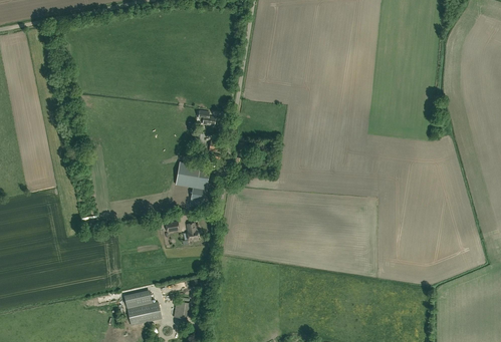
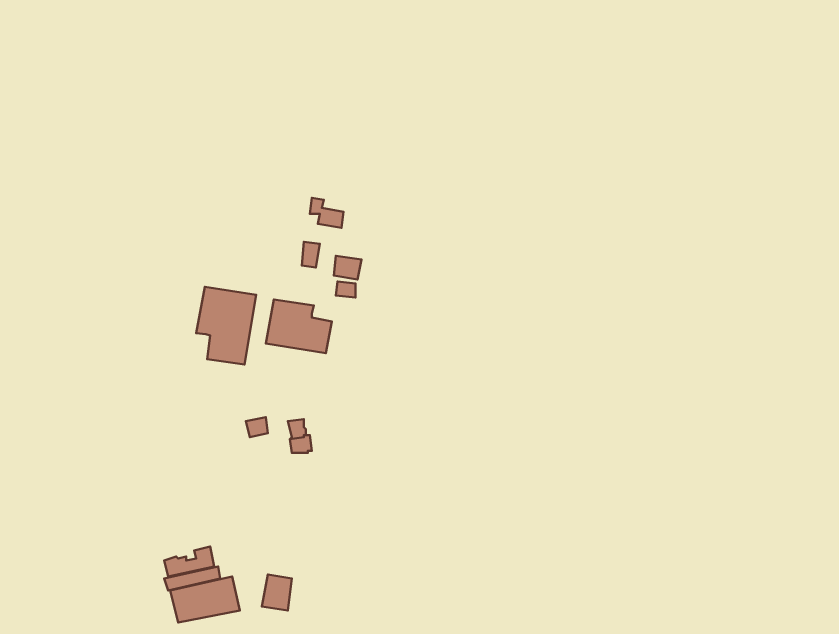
building: none -> [196,287,256,365]

